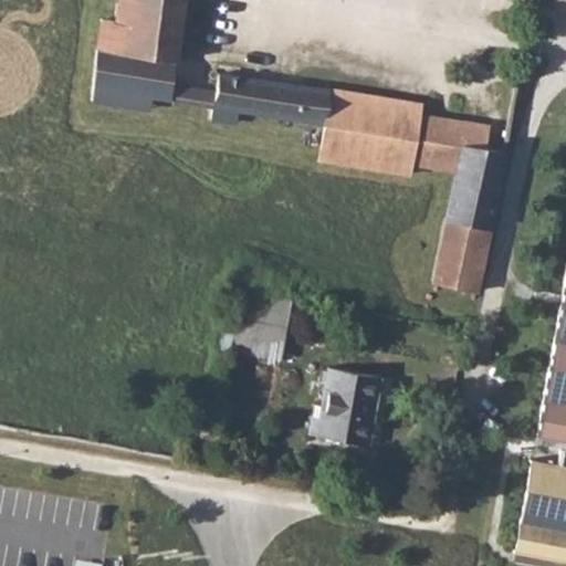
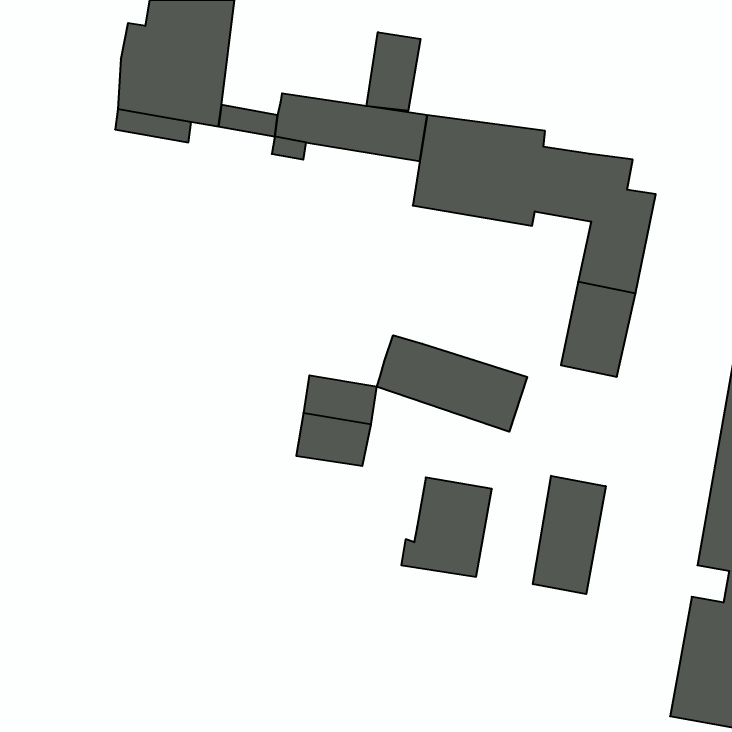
building: none -> [366,32,421,111]
building: none -> [377,335,527,432]
building: none -> [533,476,606,594]

